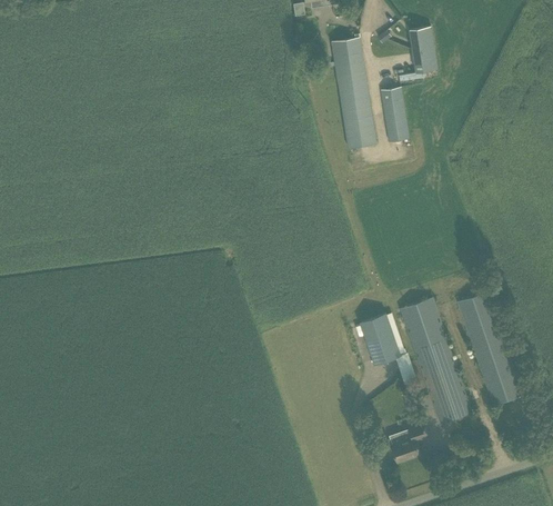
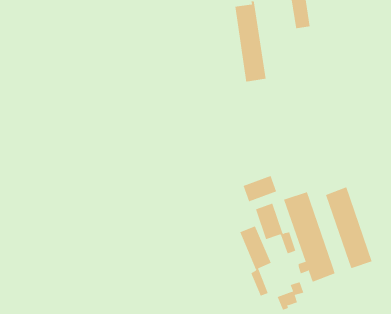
building: [380,89,408,142] -> none
building: none -> [243,175,277,202]
building: none -> [239,225,271,297]

